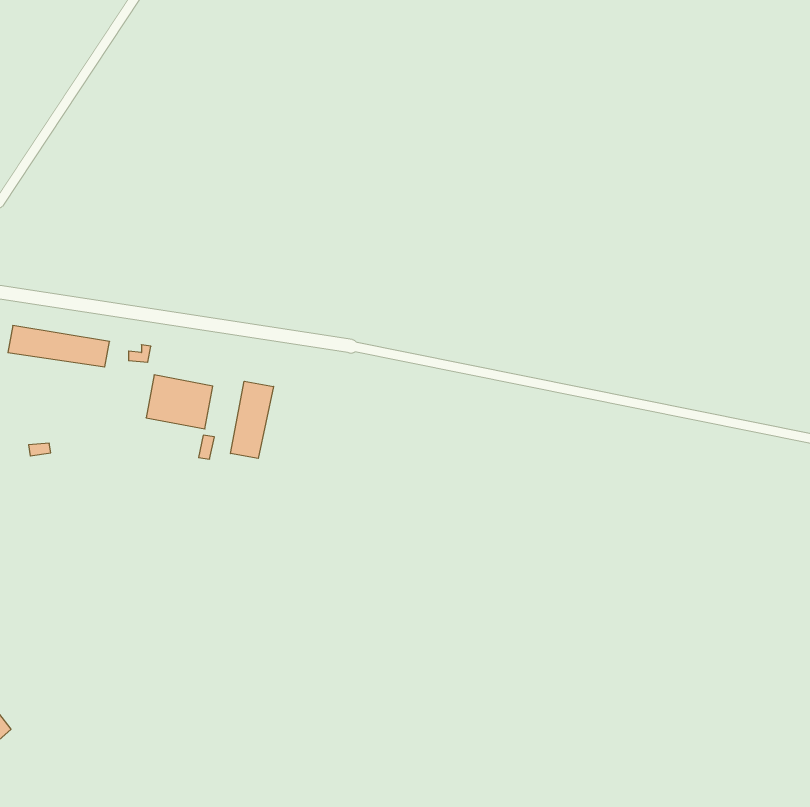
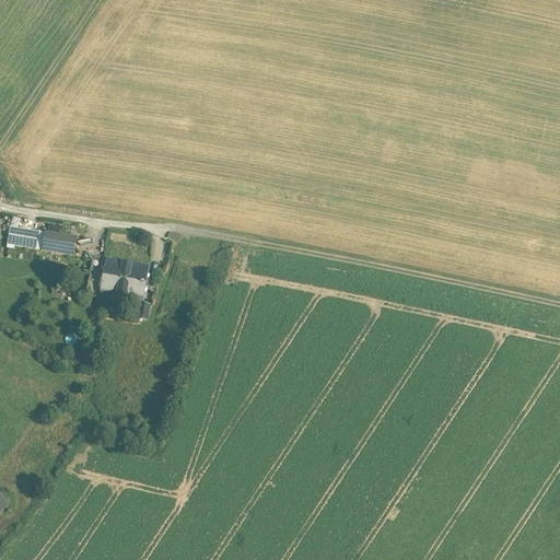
building: [231,381,274,458] -> none

